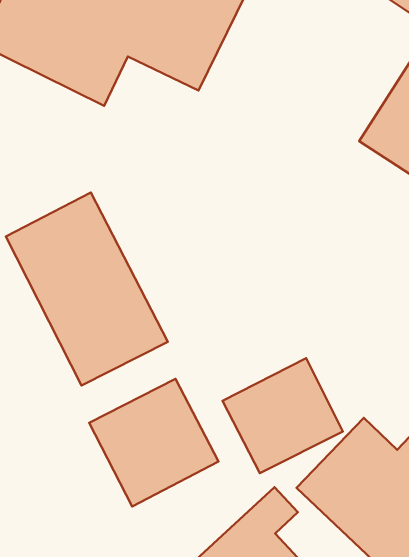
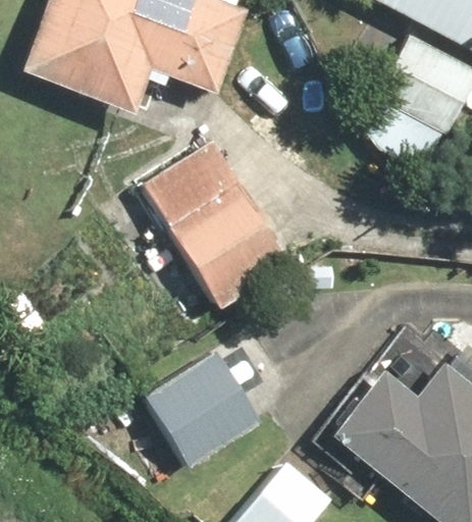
building: [6,192,168,386] -> [143,137,293,307]
building: [223,358,343,473] -> none

